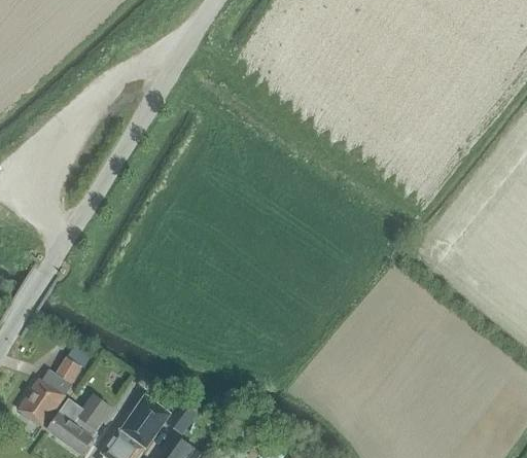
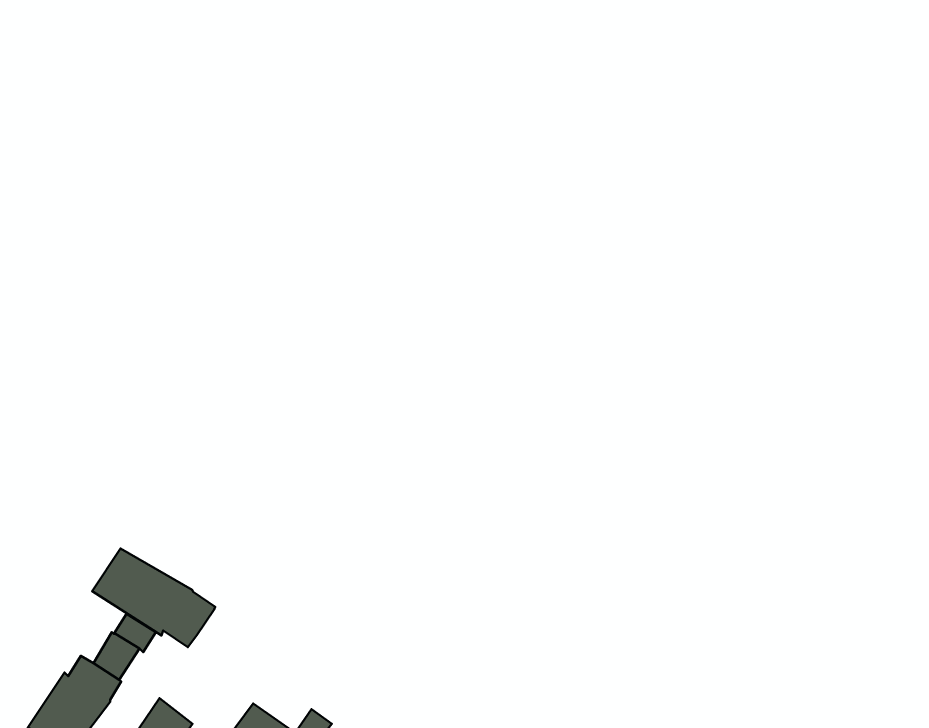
building: none -> [92,548,215,647]

